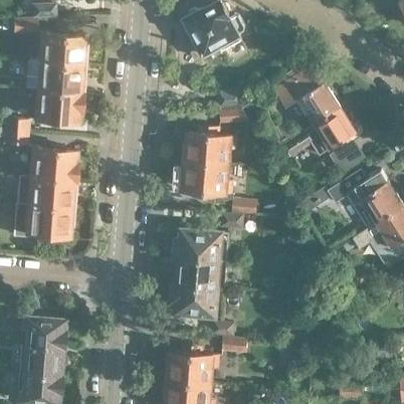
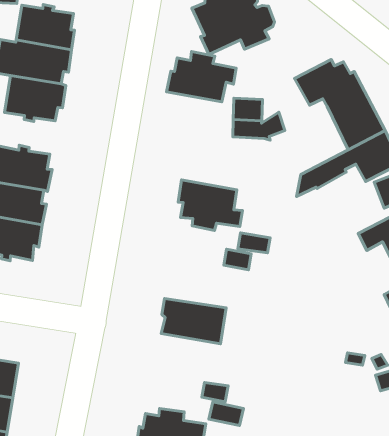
building: [182,128,236,166] -> [166,52,236,102]
building: [175,230,229,261] -> none
building: [171,285,225,318] -> none

